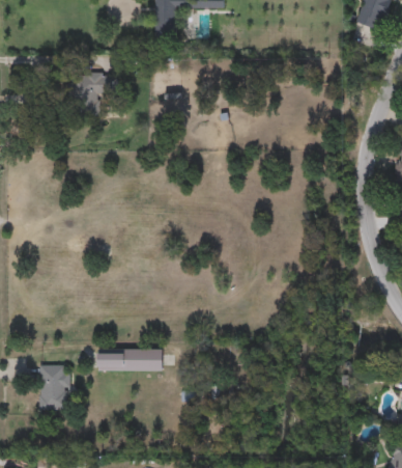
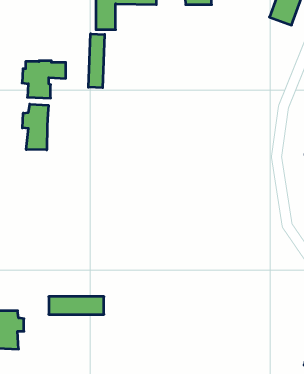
building: none -> [88,34,105,88]
building: none -> [22,104,48,150]

